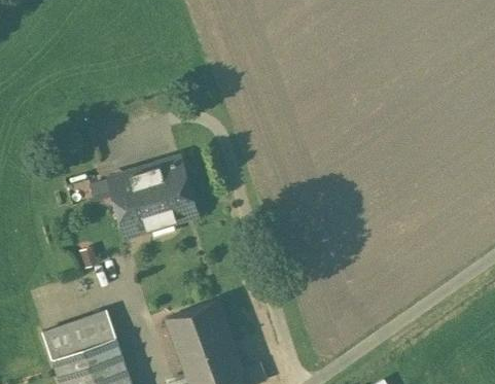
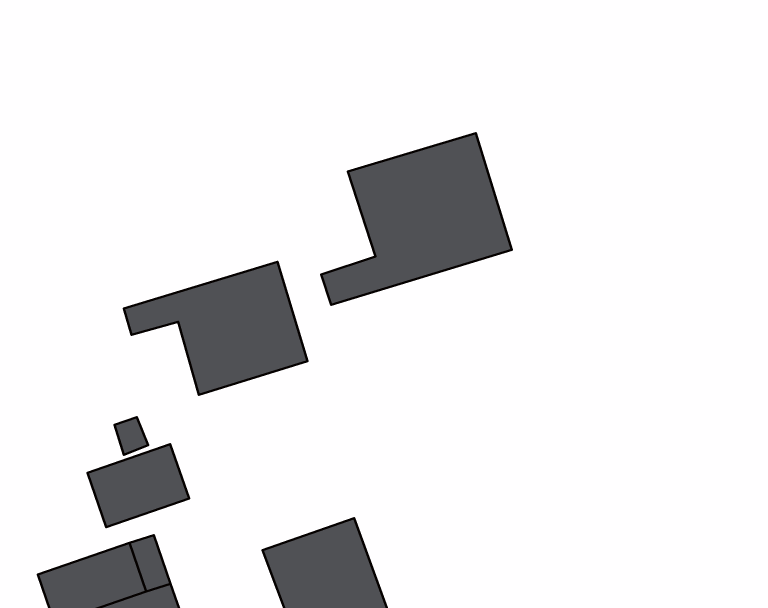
building: none -> [321,133,512,305]
building: none -> [87,444,189,527]

